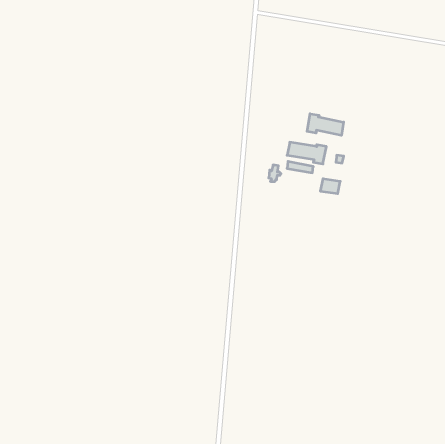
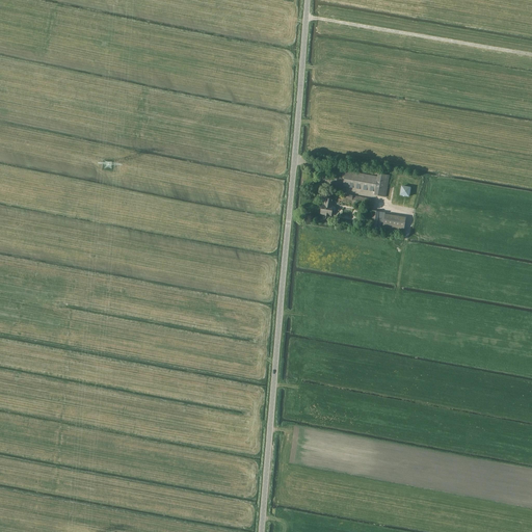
building: [307,114,344,135] -> none

